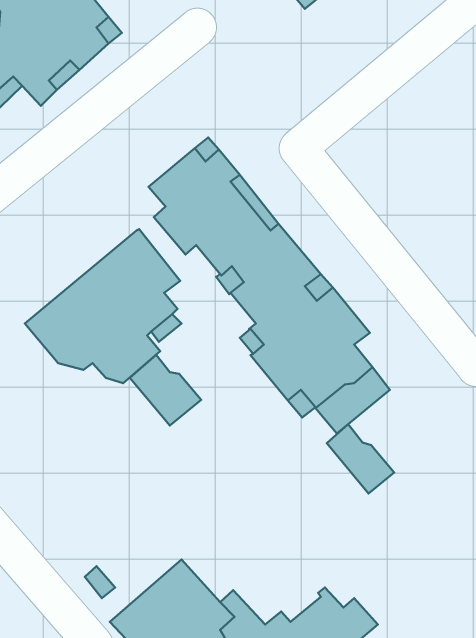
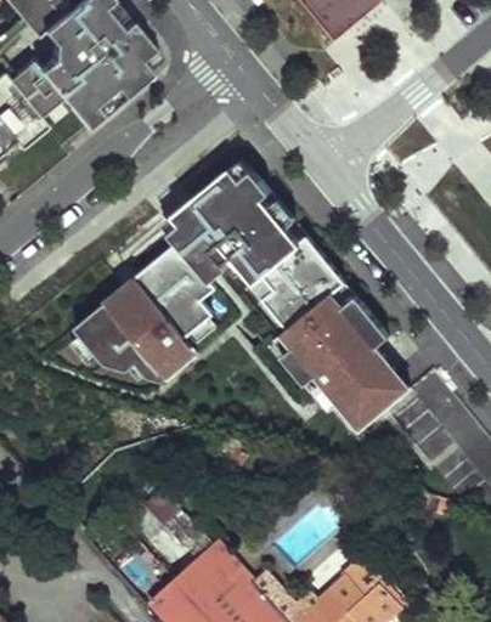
building: none -> [165,203,224,283]
building: [130,355,201,426] -> none
building: [327,424,394,493] -> none

